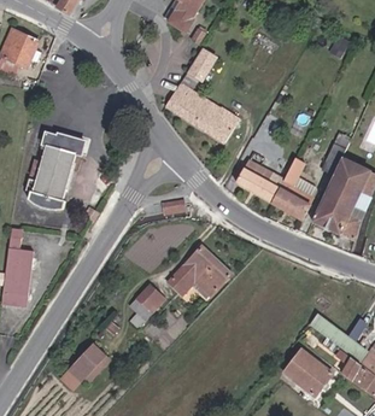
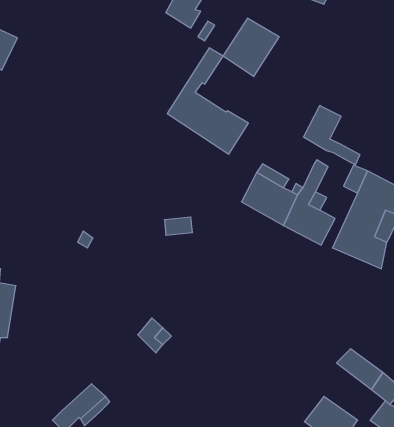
building: none -> [223,18,279,77]
building: none -> [303,105,360,165]
building: [30,136,88,212] -> none
building: [170,245,234,295] -> none

